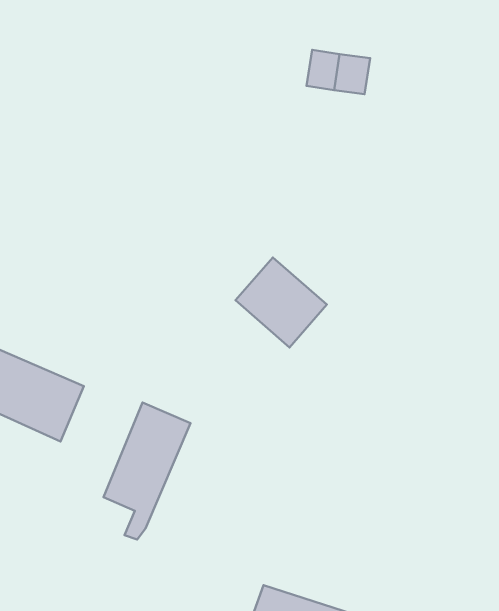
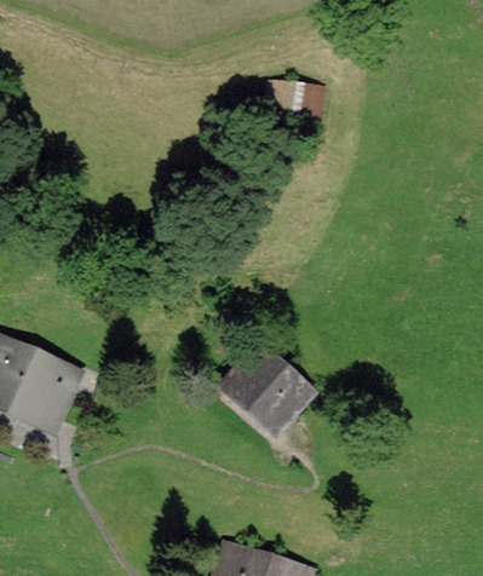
building: [236,257,327,347] -> [234,347,314,426]
building: [104,402,191,539] -> none

